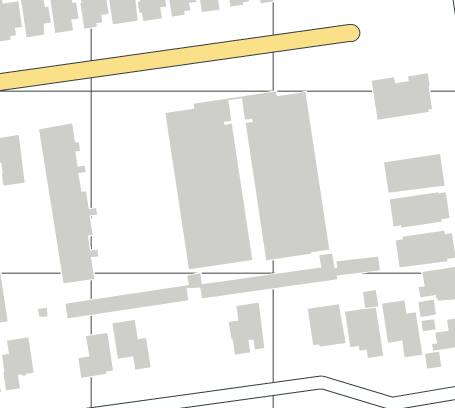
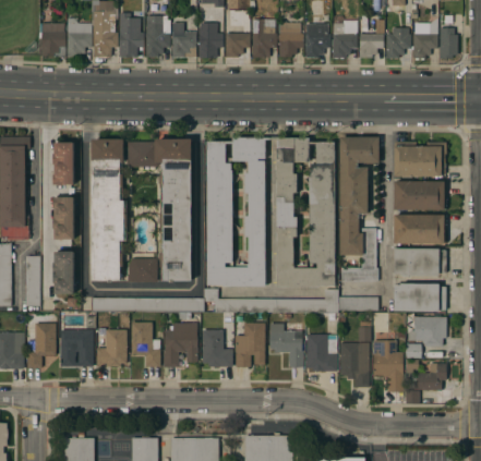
building: none -> [339,137,378,281]
building: none -> [128,138,192,280]
building: none -> [394,181,446,210]
building: none -> [53,197,74,240]
building: none -> [129,258,158,282]
building: none -> [53,251,74,294]
building: none -> [269,324,303,367]
building: none -> [164,324,197,366]
building: none -> [202,330,232,367]
building: none -> [60,329,93,366]

